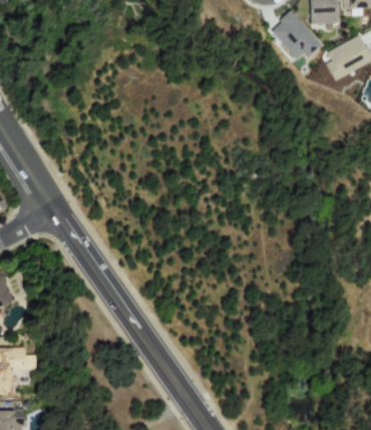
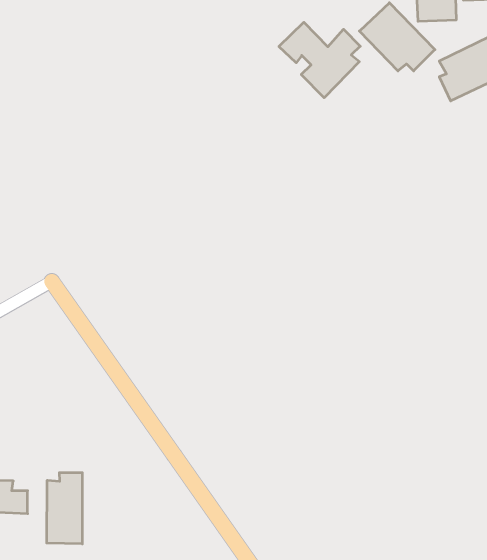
building: none -> [279,22,360,98]
building: none -> [47,473,82,544]

